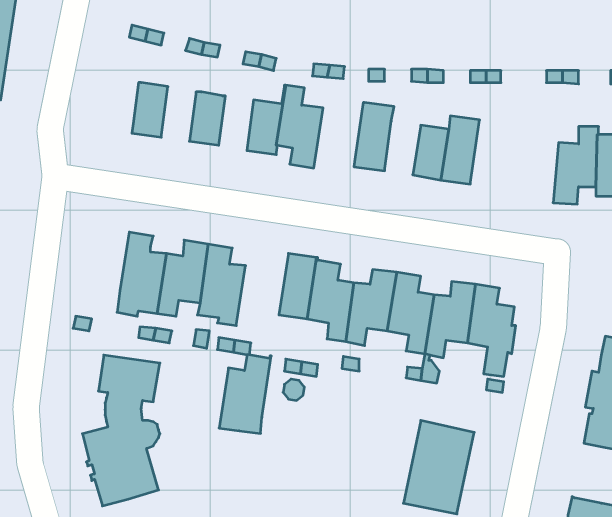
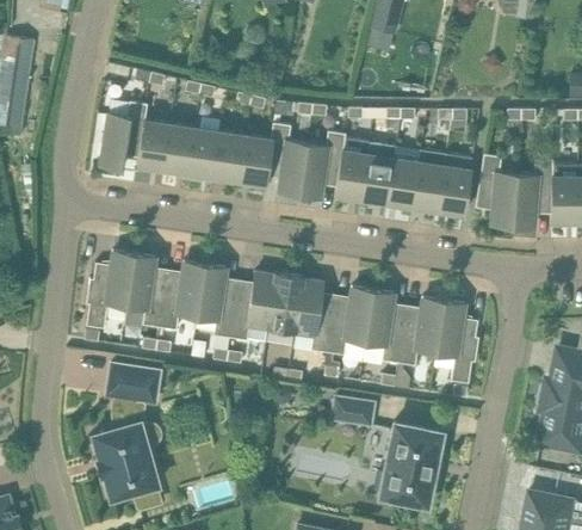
building: none -> [100,101,148,170]
building: none -> [163,124,194,173]
building: none -> [299,131,346,199]
building: none -> [215,132,246,181]
building: none -> [439,154,472,215]
building: none -> [476,154,518,228]
building: none -> [363,155,395,203]
building: none -> [87,251,135,328]
building: [219,355,271,433] -> [230,272,277,343]
building: none -> [329,395,377,427]

